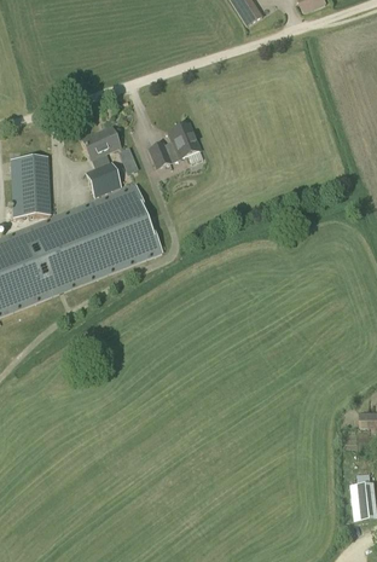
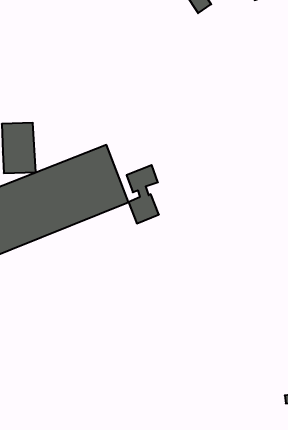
building: [150,124,202,169] -> none
building: [82,127,121,197] -> [127,165,159,223]

